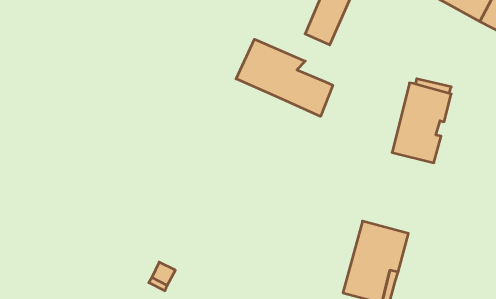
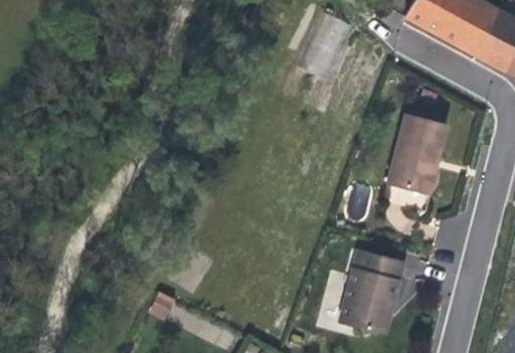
building: [236,39,333,116] -> none

